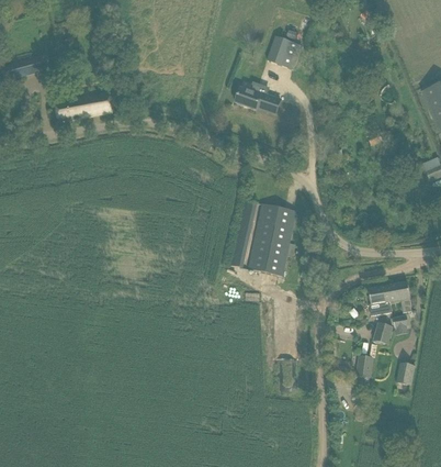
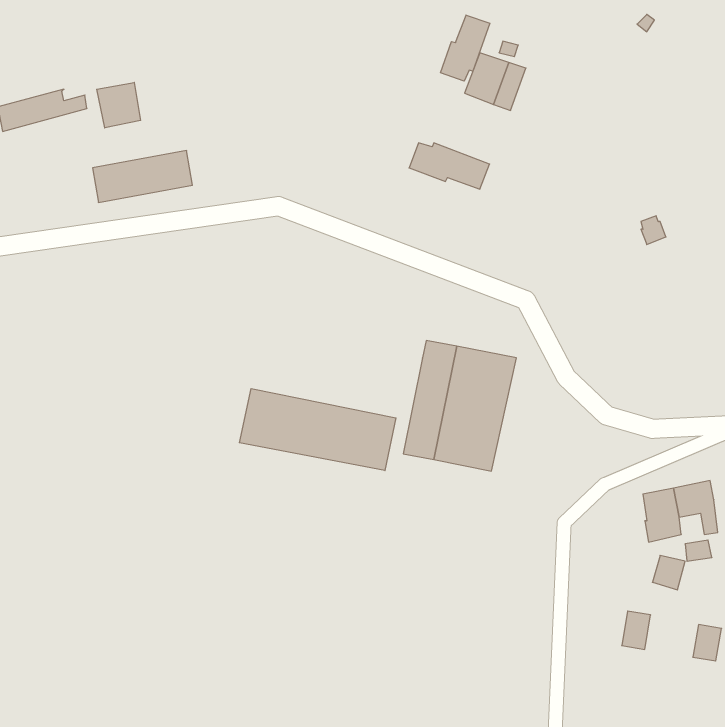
building: none -> [440,15,490,81]
building: none -> [97,82,141,128]
building: none -> [239,389,396,471]

